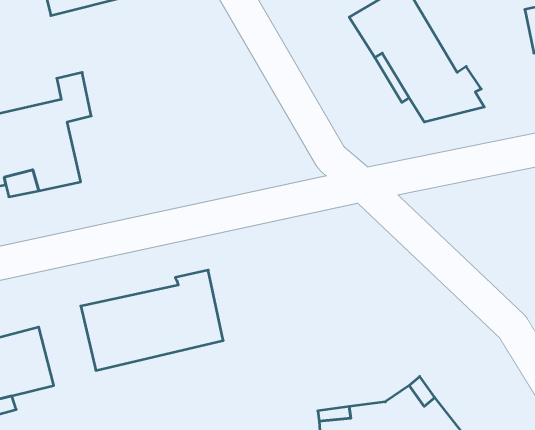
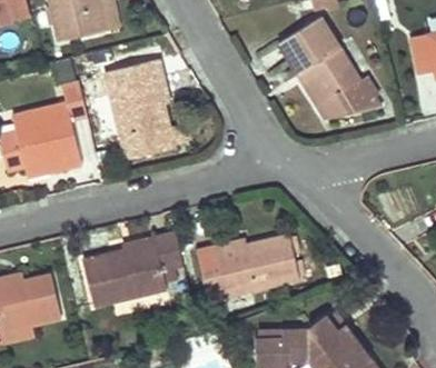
building: none -> [109,60,176,157]
building: none -> [198,235,301,298]

